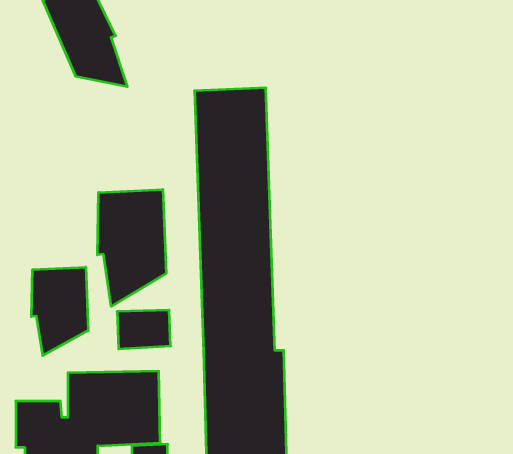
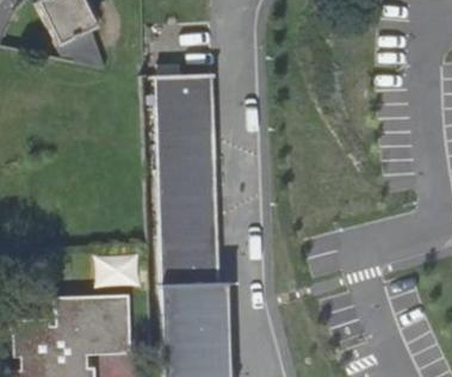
building: [97,189,166,306] -> none
building: [31,267,88,356] -> none

